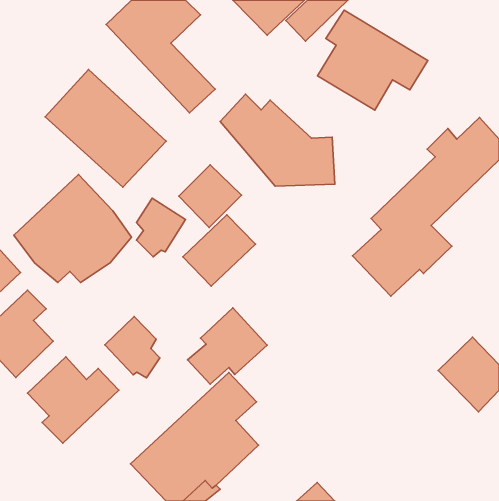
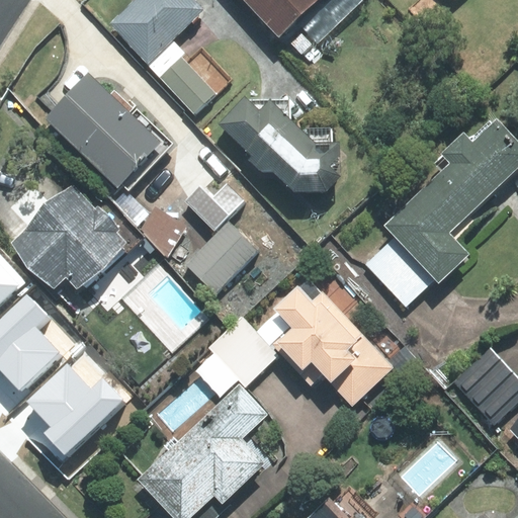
building: [317,10,428,110] -> none
building: none -> [268,275,413,406]
building: [105,316,160,378] -> none

